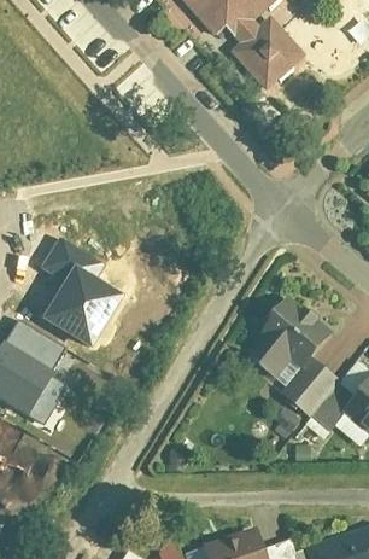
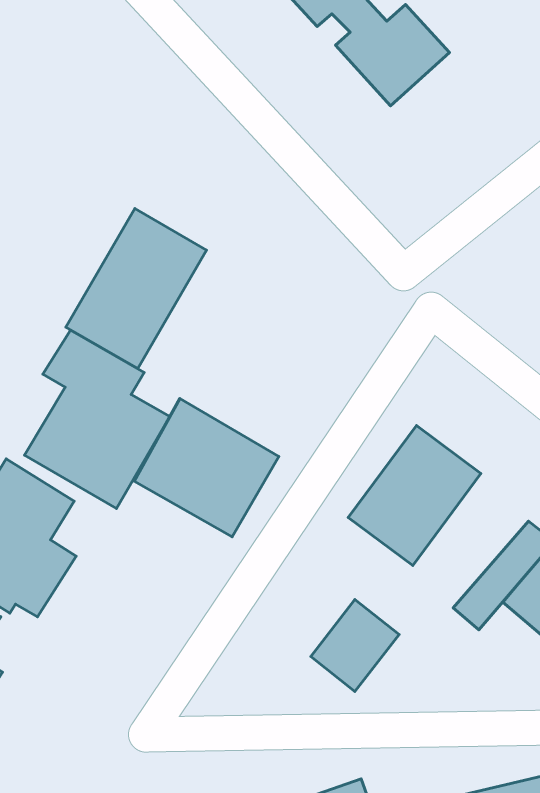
building: none -> [66,209,207,369]
building: none -> [134,399,279,537]
building: [281,359,339,419] -> [311,600,399,692]

